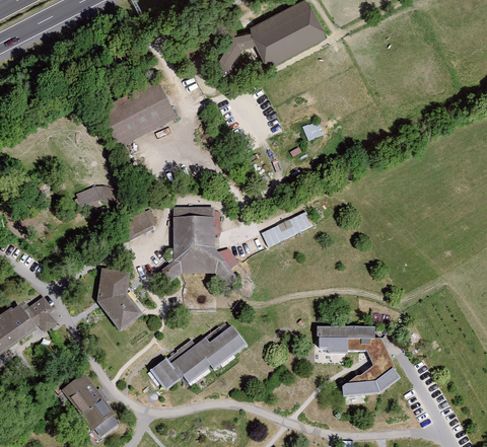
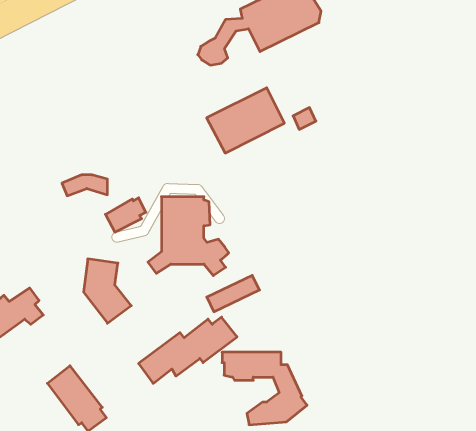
building: [102,85,179,149] -> [207,88,284,153]
building: [261,212,312,247] -> [207,275,260,312]
building: [317,326,400,397] -> [222,352,307,425]

